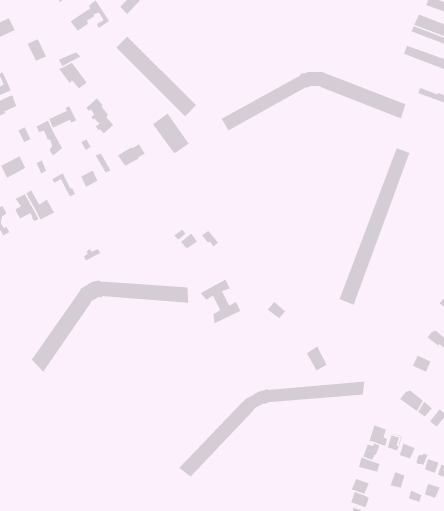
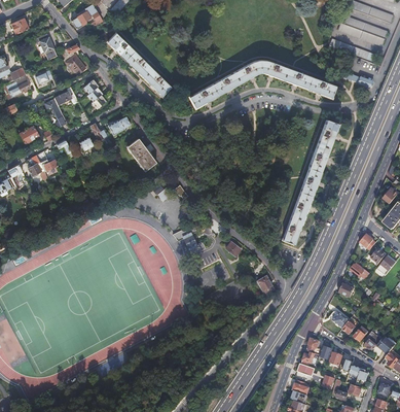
building: [152,112,190,154] -> [126,138,156,171]
building: [31,279,189,373] -> none
building: [178,381,365,478] -> none

